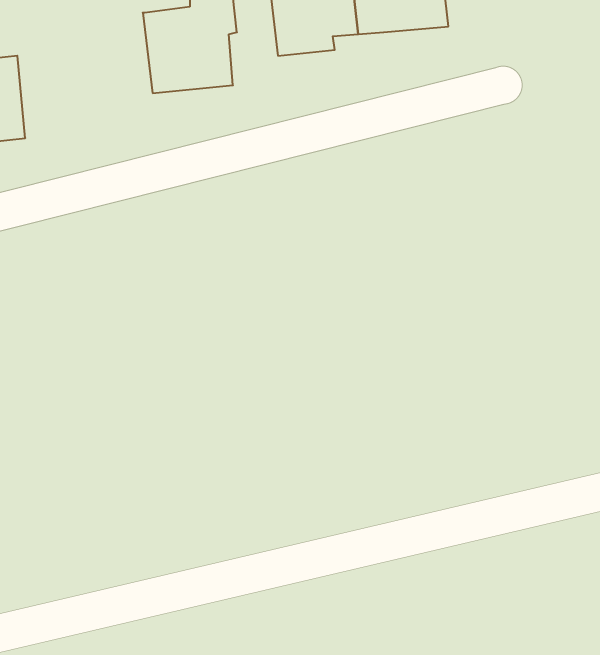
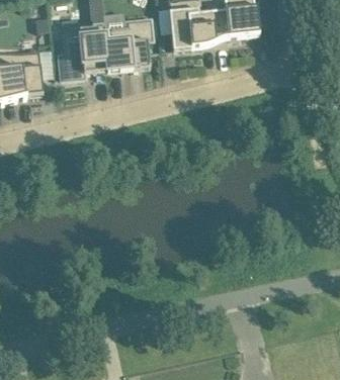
building: none -> [60,26,108,79]

